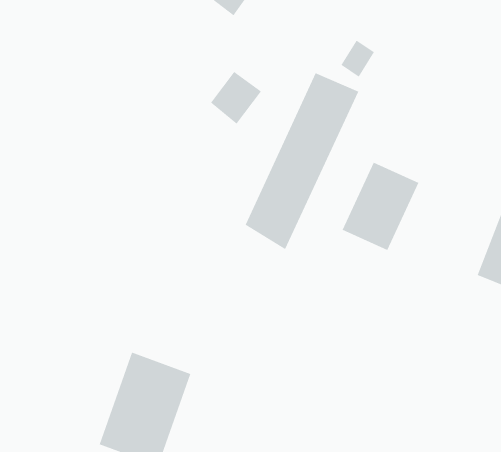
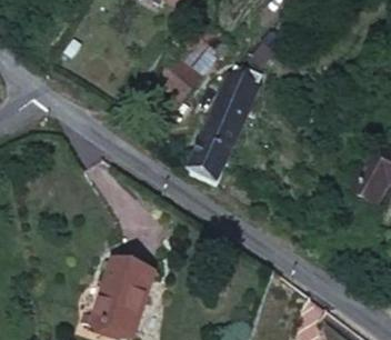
building: [342,162,419,251] -> none

